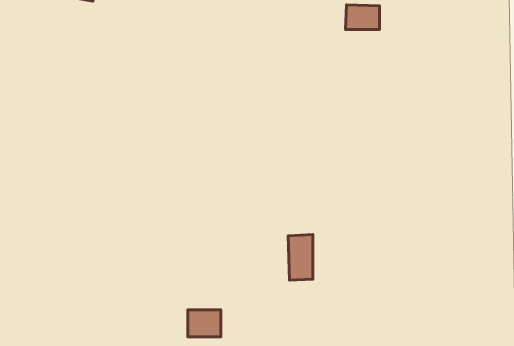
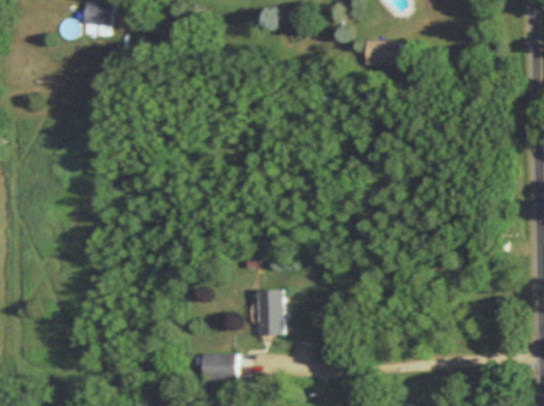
building: [288,235,313,280] -> [257,289,282,336]

